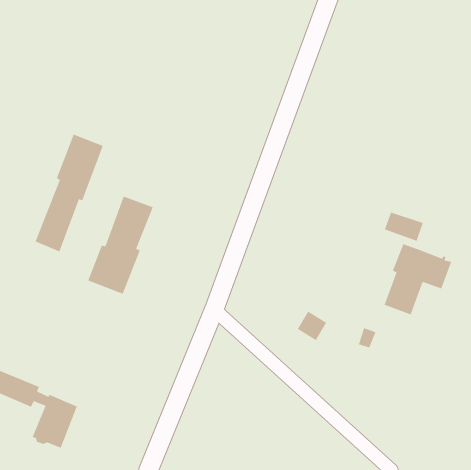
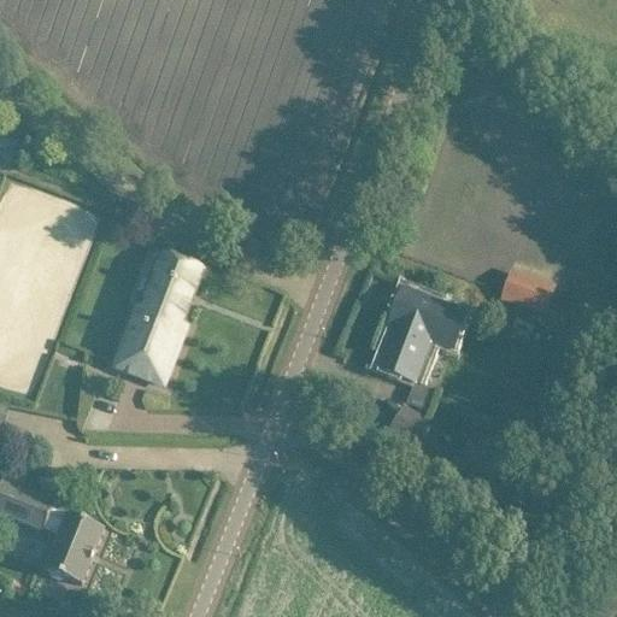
building: [34,134,104,252] -> none
building: [383,243,452,315] -> [375,287,464,381]

